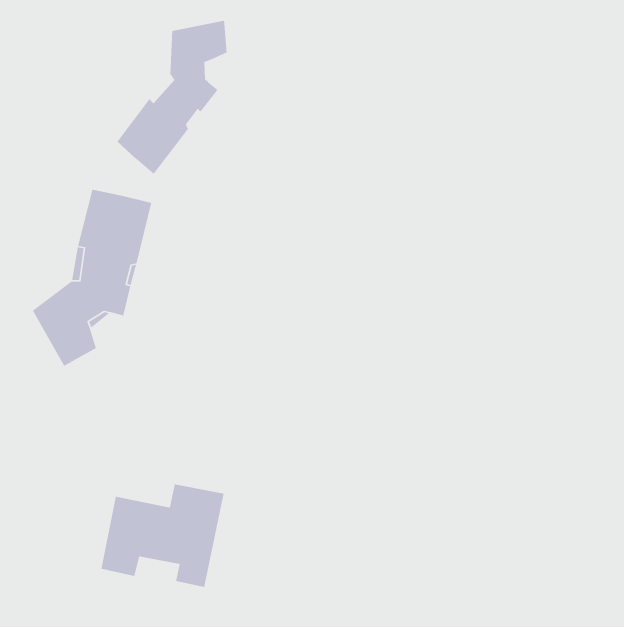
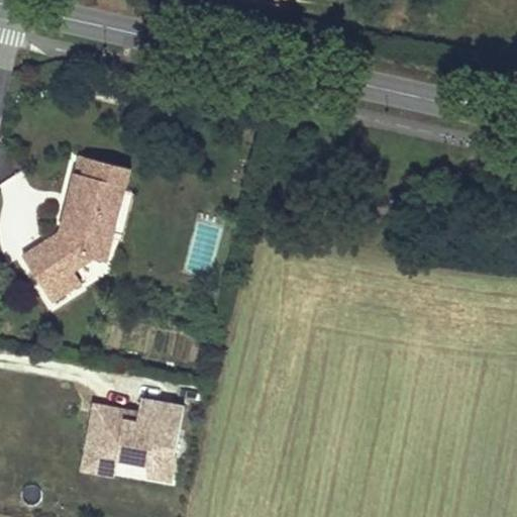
building: [117,20,228,175] -> none

